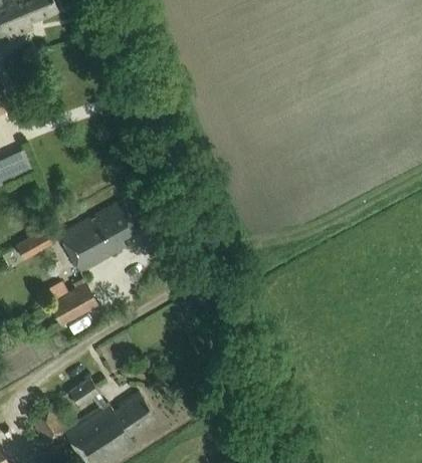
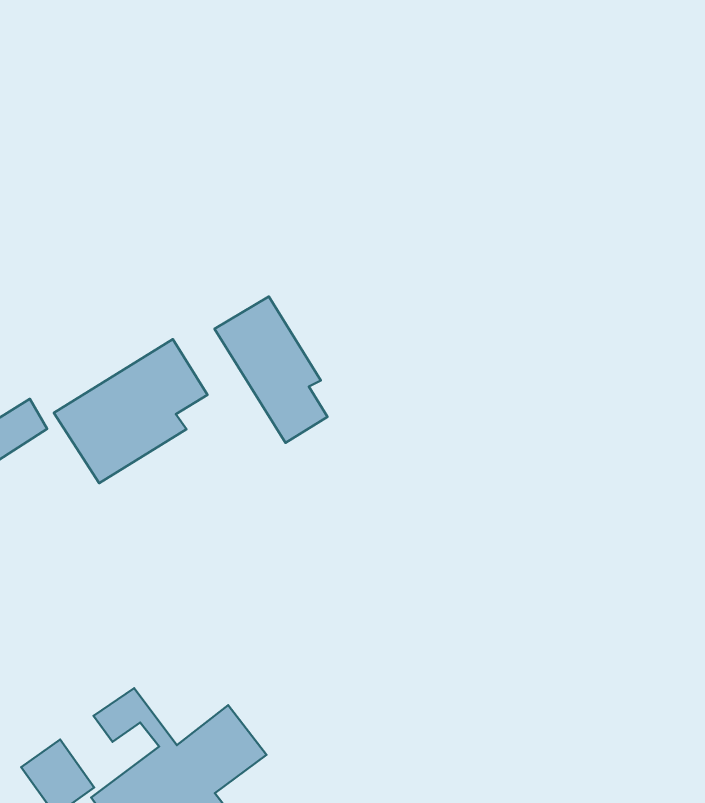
building: none -> [215,297,328,443]
building: [50,283,98,324] -> none

